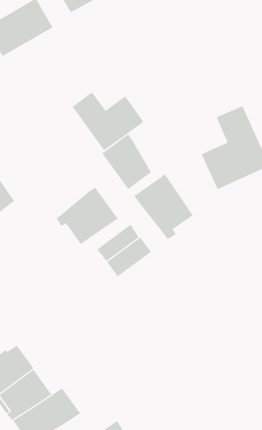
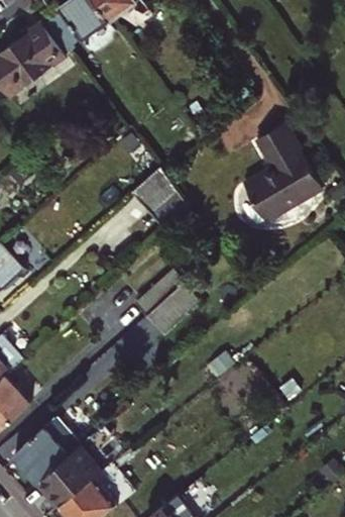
building: [72,91,144,151] -> none
building: [133,173,194,240] -> none
building: [55,187,118,245] -> none

